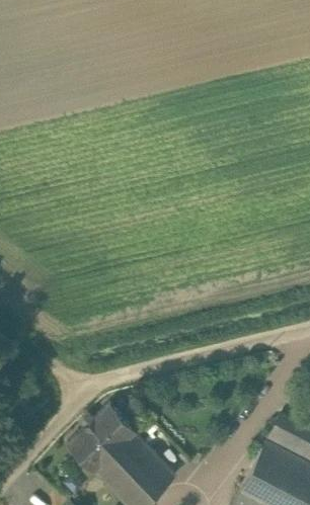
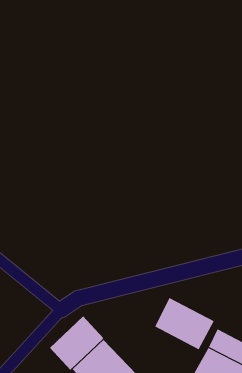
building: none -> [155,297,214,350]

